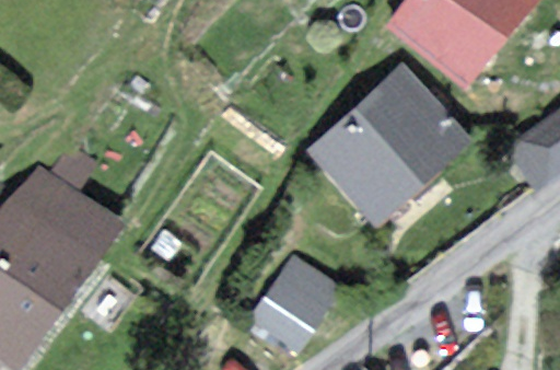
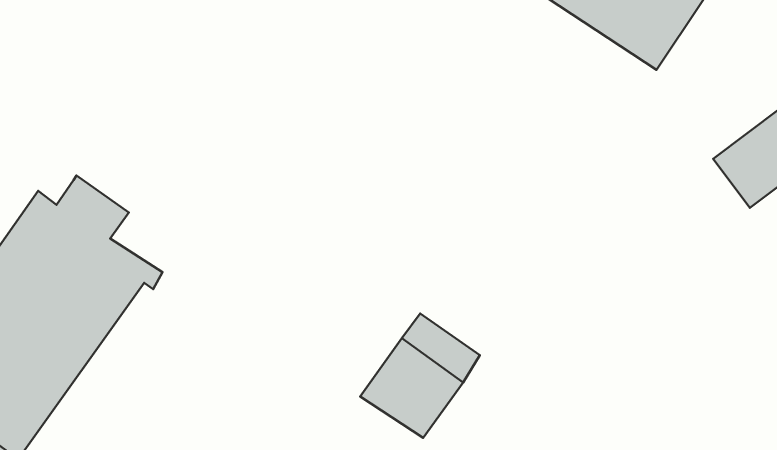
building: [312,72,459,221] -> none

